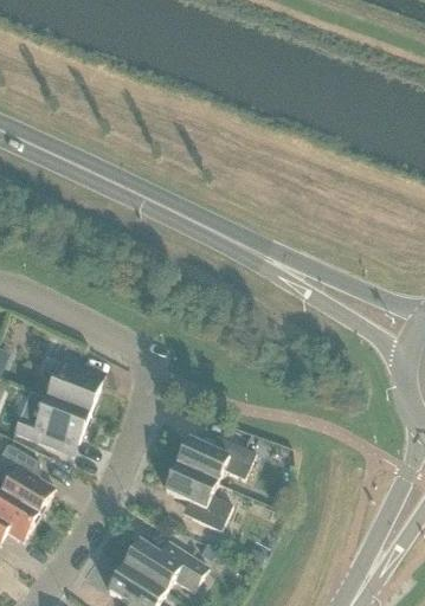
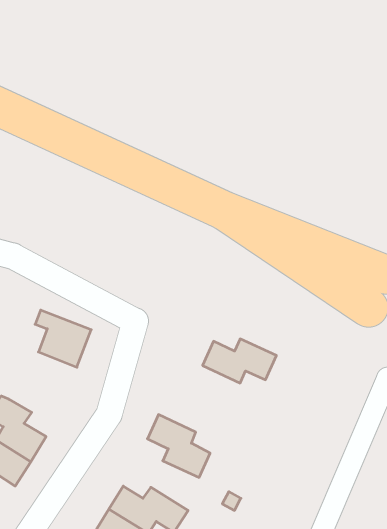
building: [14,392,88,454] -> none
building: [175,437,255,484] -> [203,339,276,383]

